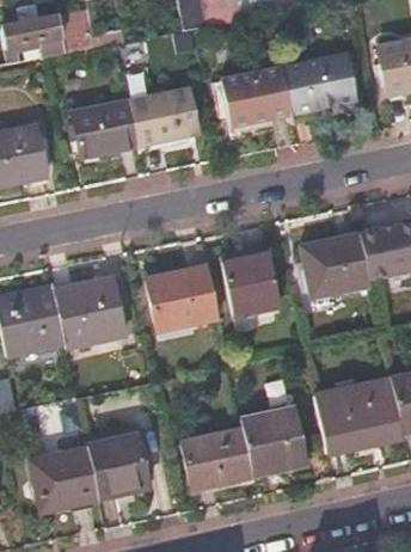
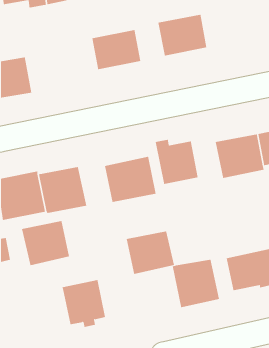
building: [282,53,356,112] -> none
building: [72,99,137,154] -> none
building: [182,428,250,489] -> [126,231,175,275]
building: [31,449,99,513] -> [21,220,70,266]

